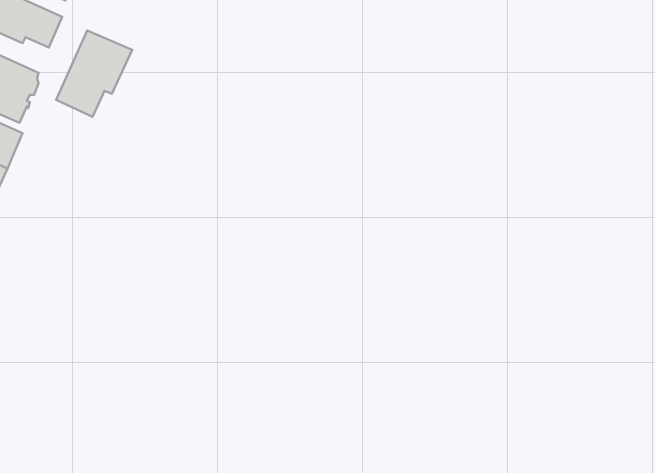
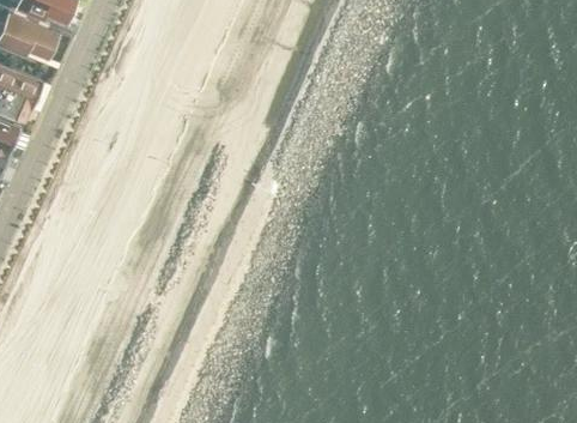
building: [56,31,132,117] -> none

